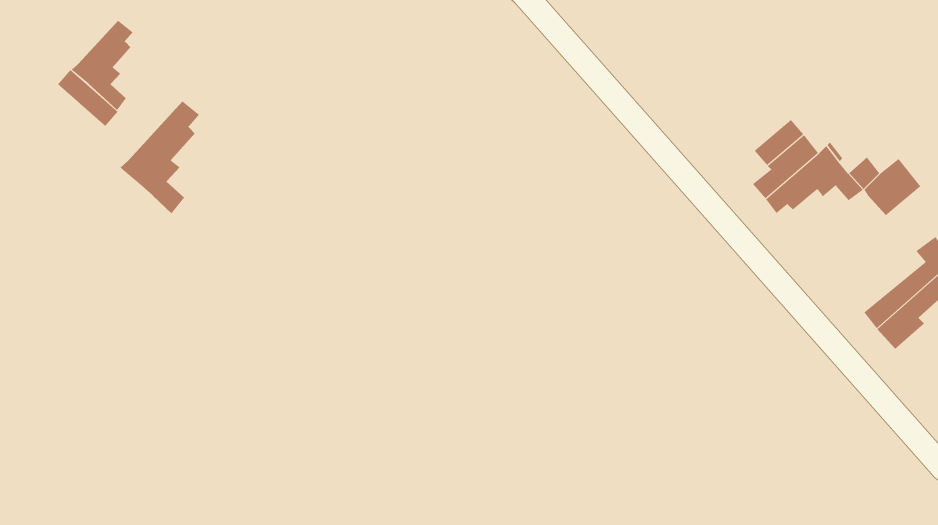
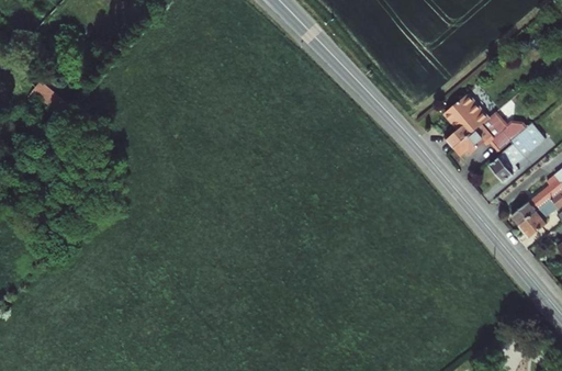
building: [71,20,134,111] -> none
building: [119,100,200,214] -> none
building: none -> [492,147,525,187]

